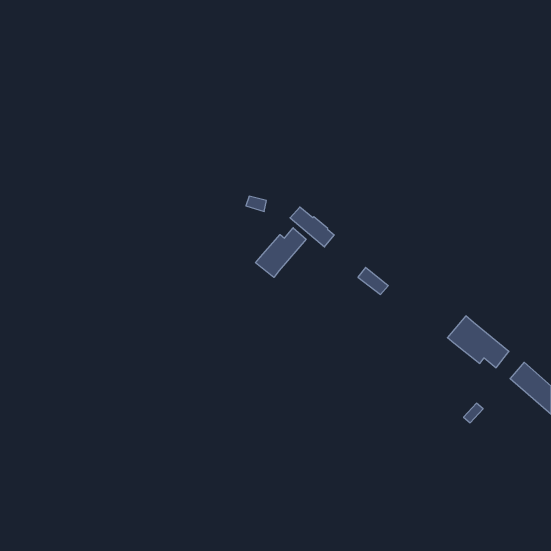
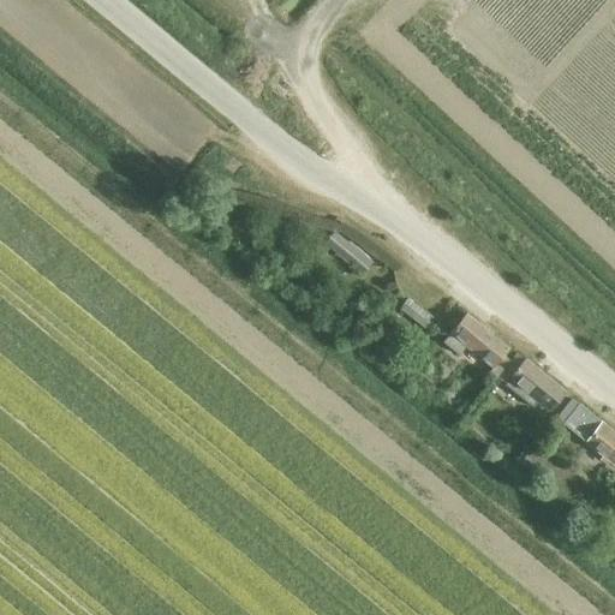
building: [256,228,306,277] -> none
building: none -> [444,315,509,377]

